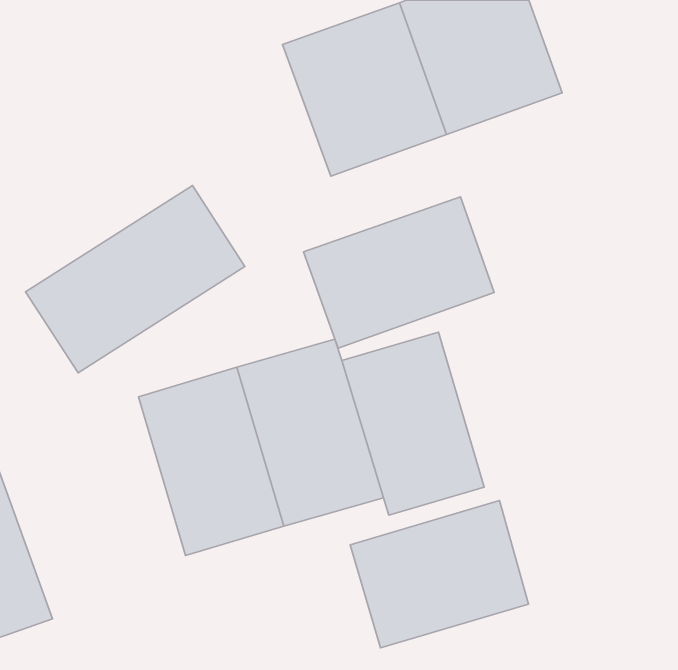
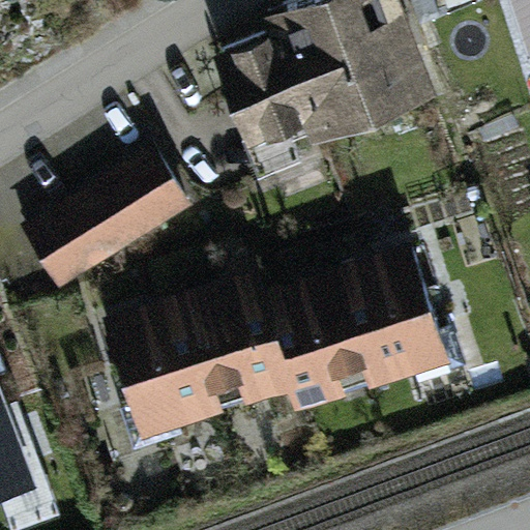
building: [304,197,494,348] -> none
building: none -> [337,247,448,388]
building: [350,501,528,648] -> none

